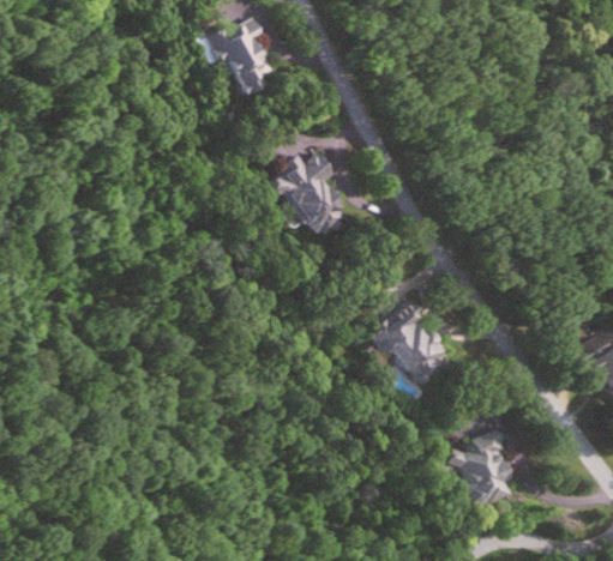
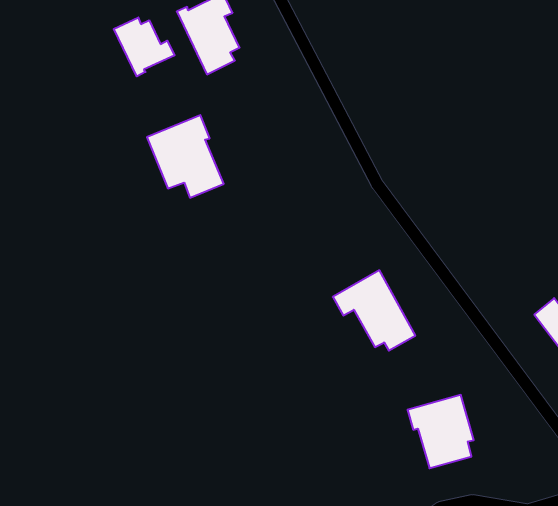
building: none -> [114,17,175,76]
building: [268,151,347,236] -> [147,115,224,198]

